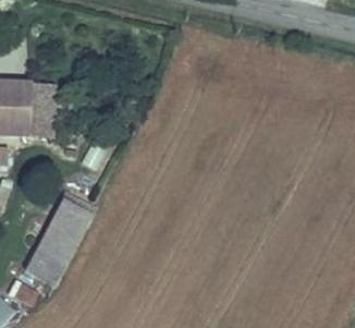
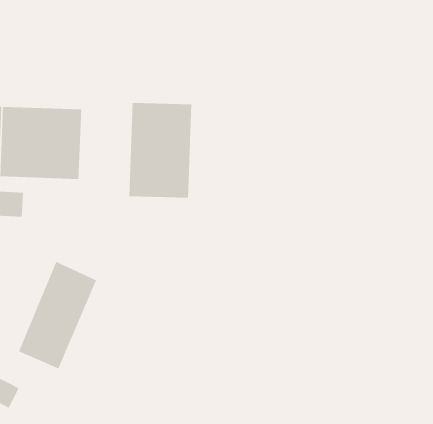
building: none -> [129,102,192,198]

